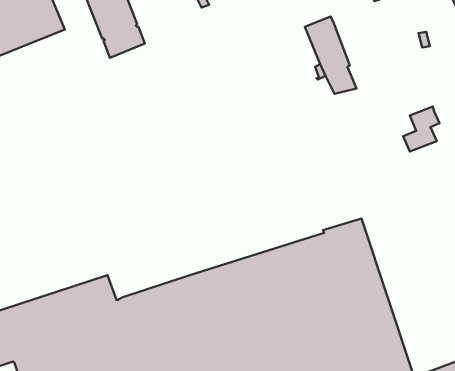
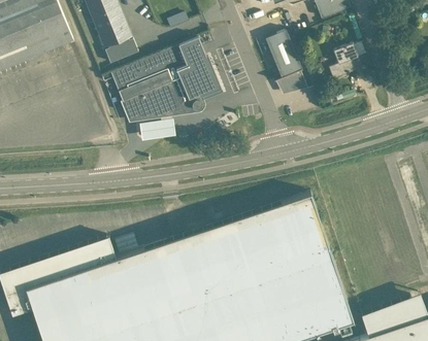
building: none -> [102,38,220,122]
building: [403,106,439,152] -> [329,44,358,80]

